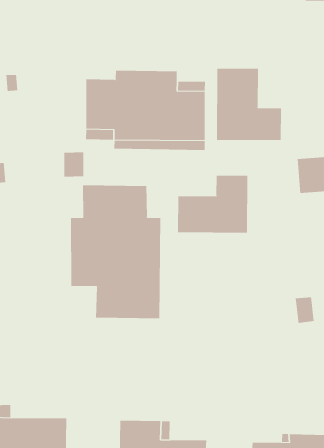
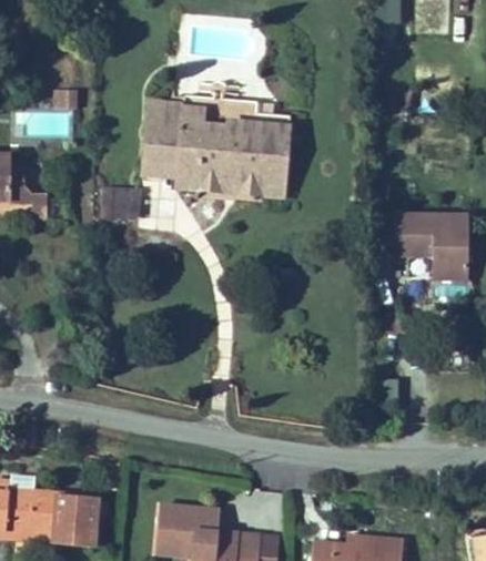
building: [216,68,282,141] -> none
building: [178,175,248,233] -> none
building: [71,185,161,319] -> none

